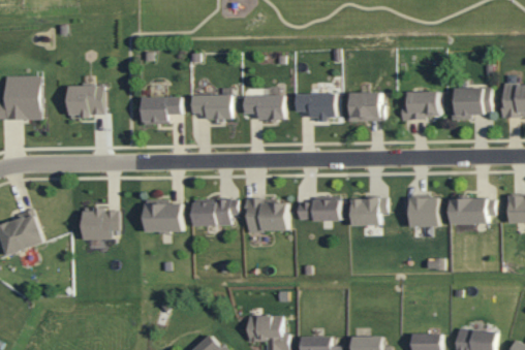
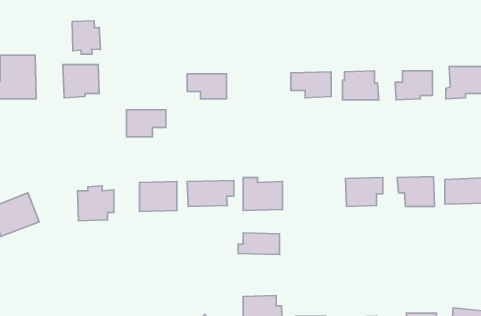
building: none -> [72,21,101,54]
building: [243,94,283,119] -> none
building: [142,96,181,123] -> [126,110,166,137]
building: [299,199,340,221] -> [238,233,280,255]

